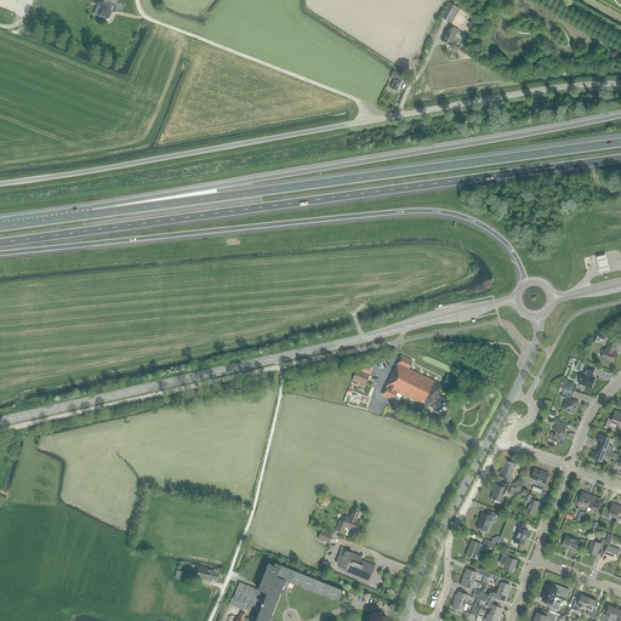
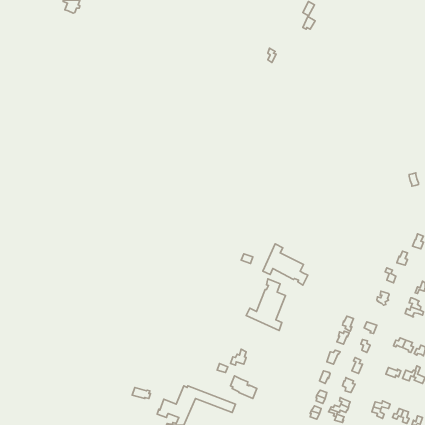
building: none -> [246,279,286,331]

